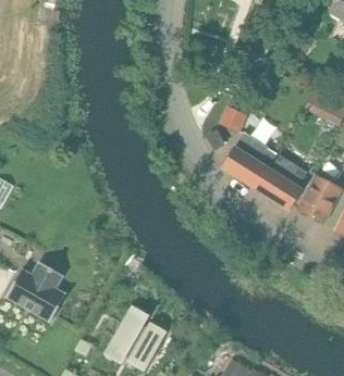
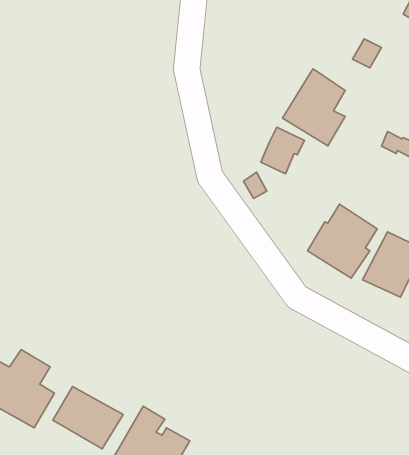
building: [221,130,268,188] -> [283,69,345,146]
building: none -> [53,387,123,449]

